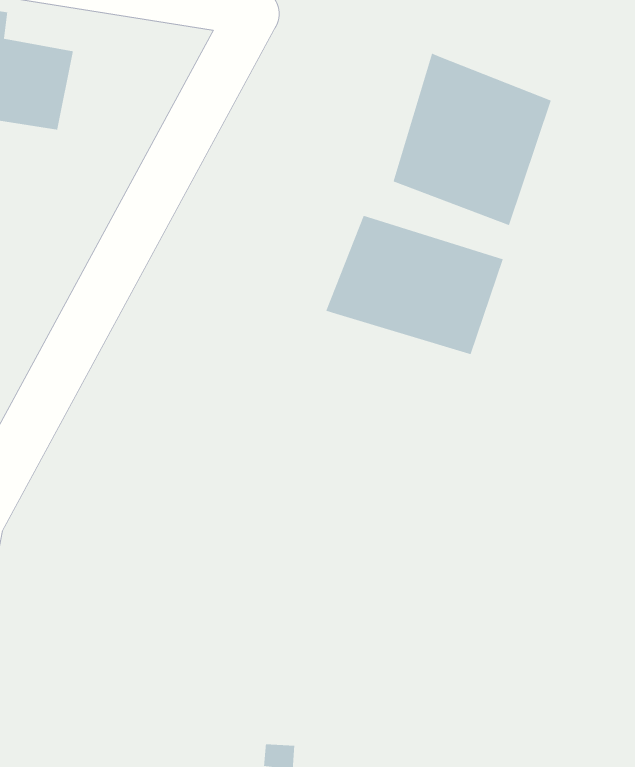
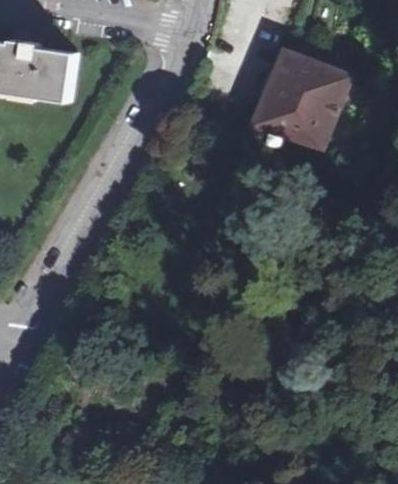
building: [325,215,504,355] -> none

